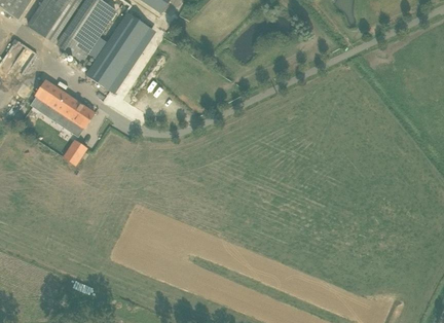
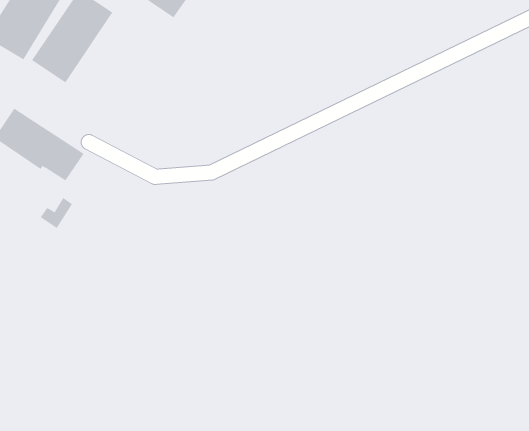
building: [84,11,151,91] -> none

